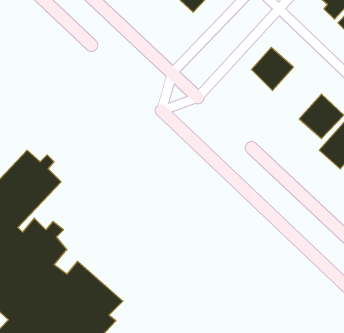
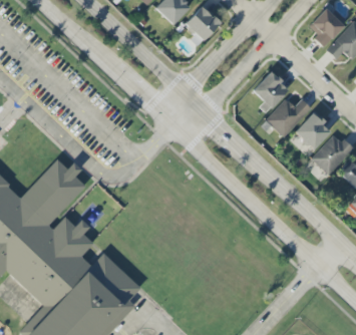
building: none -> [265,98,311,136]

